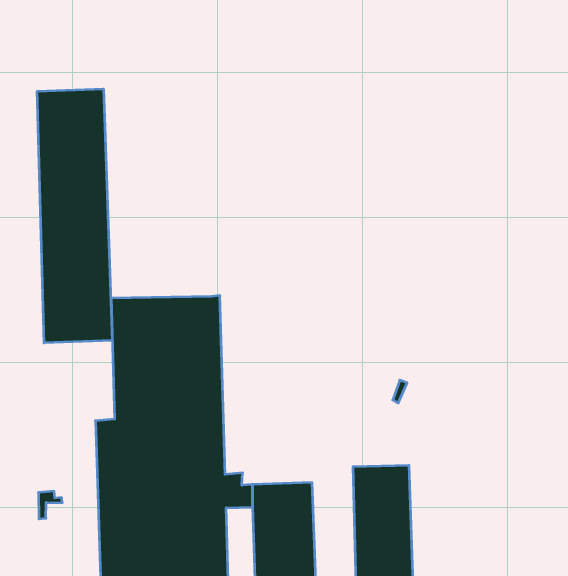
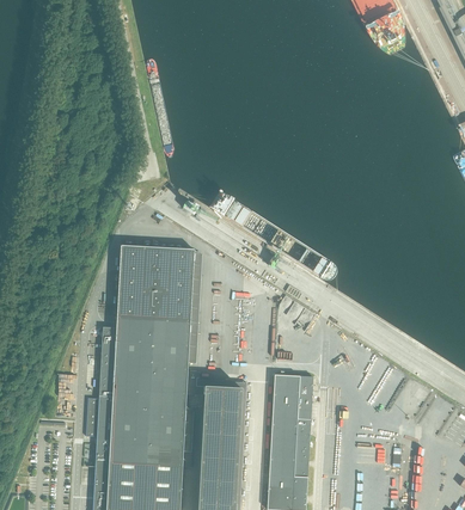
building: [37,89,112,343] -> none

